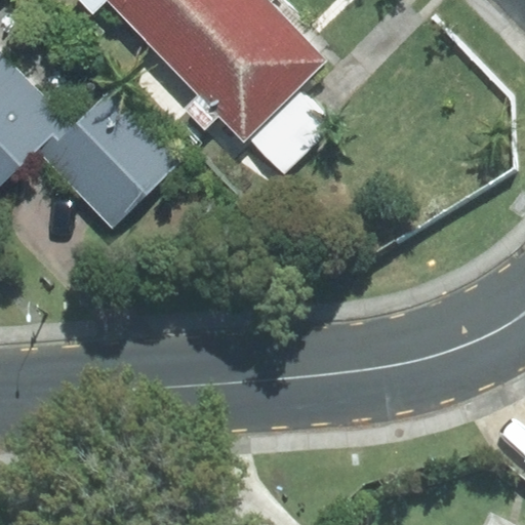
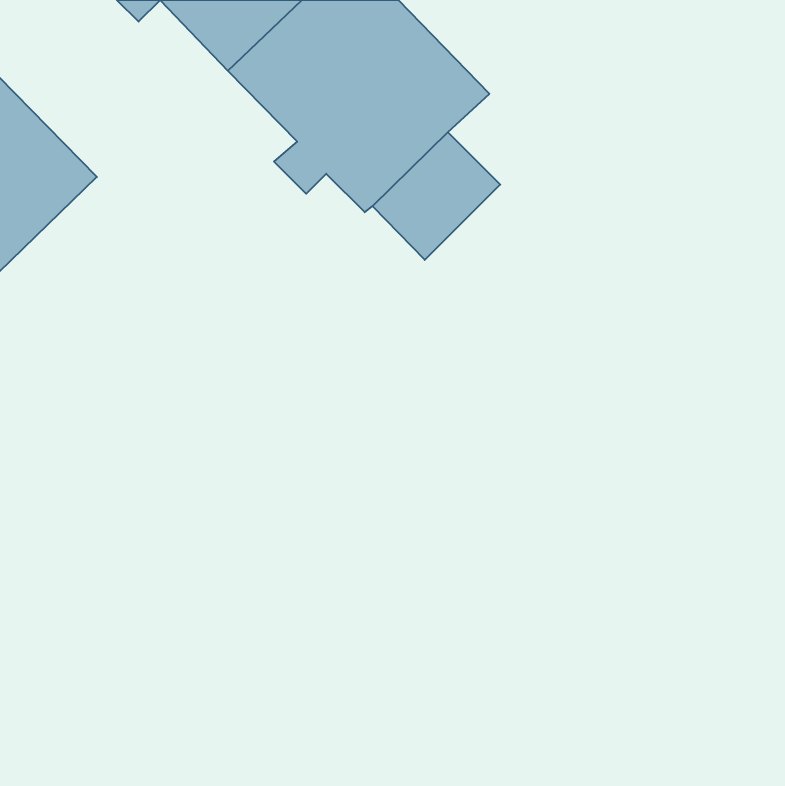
building: [41,85,181,226] -> none

